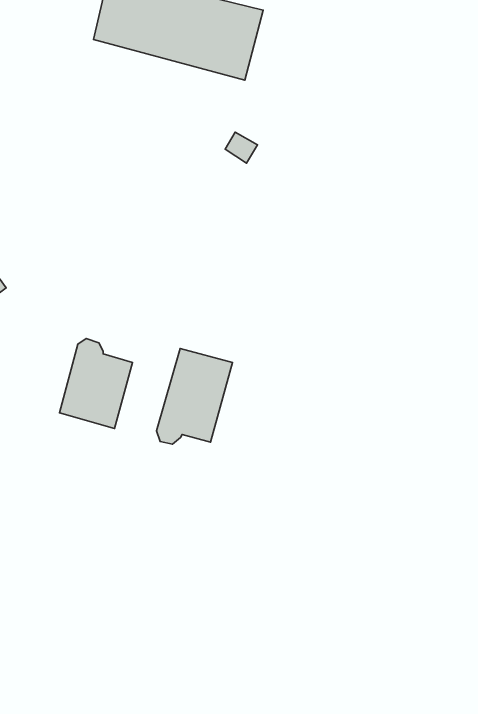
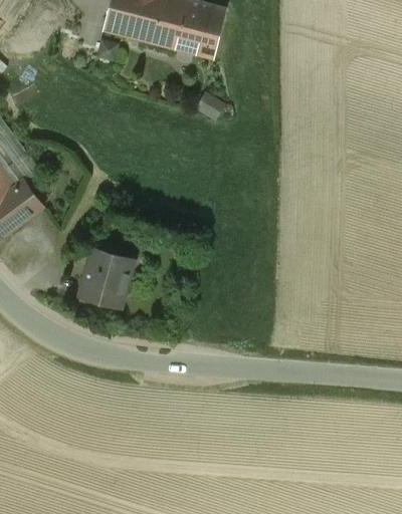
building: [157,348,232,444] -> none

